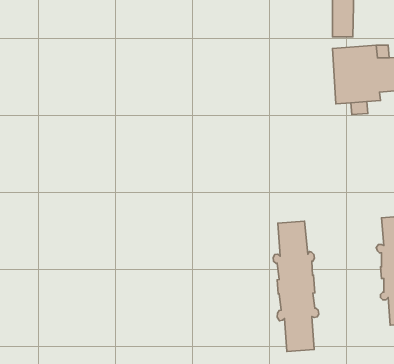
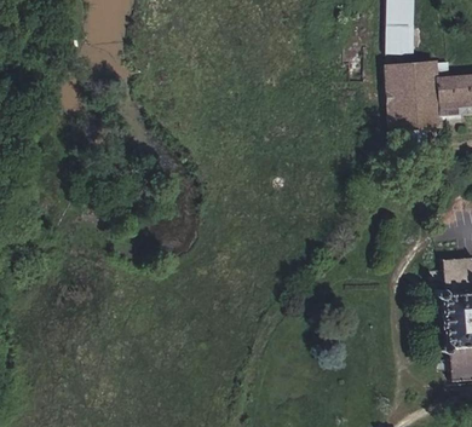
building: [273,221,319,352] -> none

